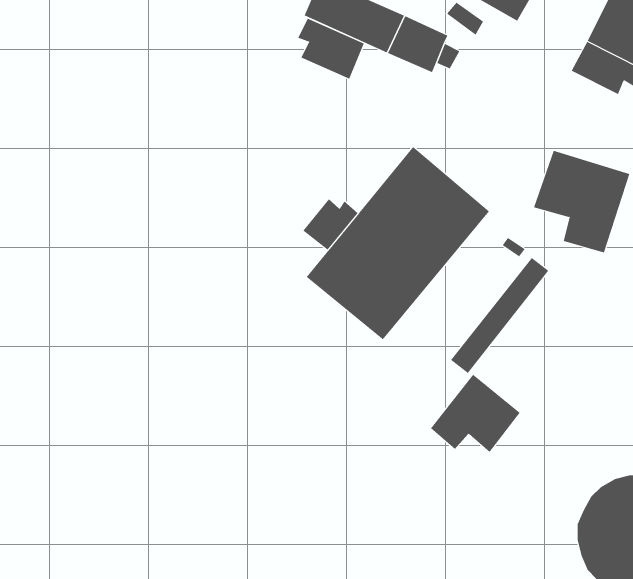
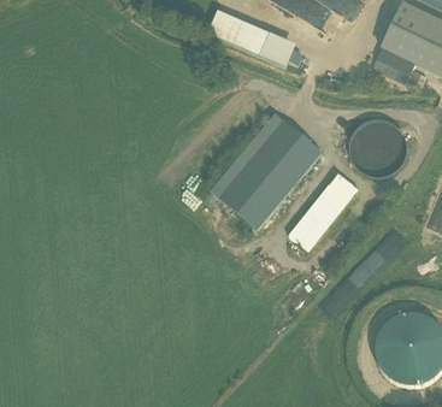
building: [298,18,365,79] -> none
building: [302,198,358,250] -> none
building: [430,374,520,453] -> none

